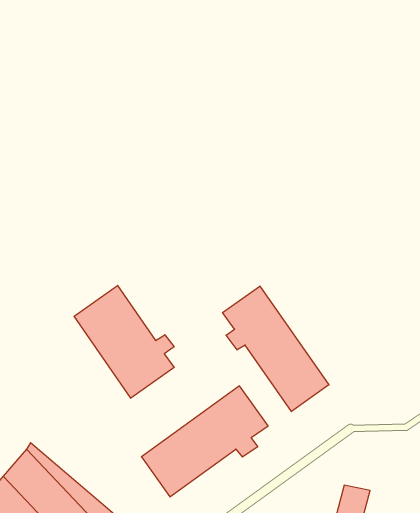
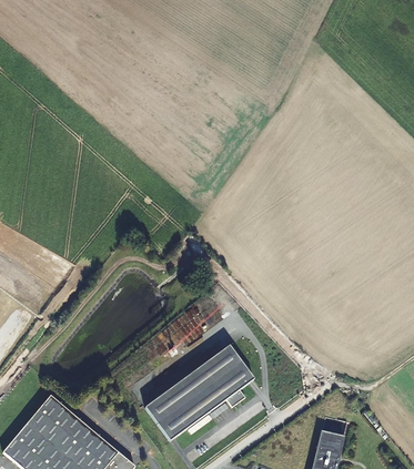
building: [74,285,174,398] -> none
building: [223,286,329,412] -> none

